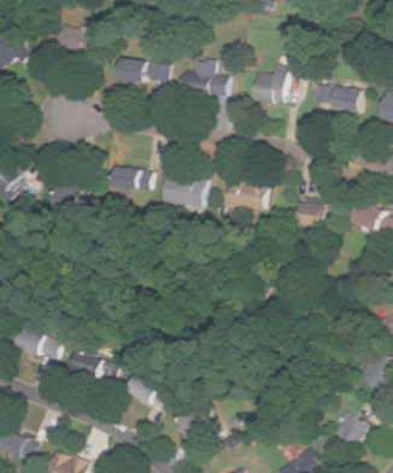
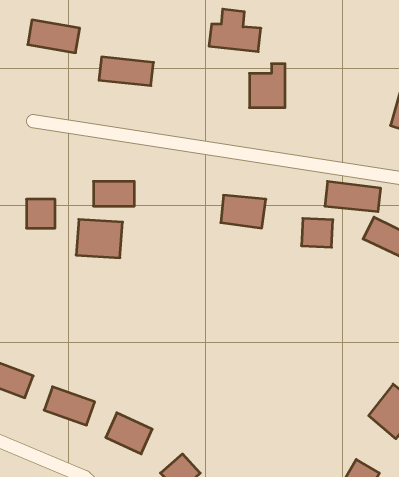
building: [181,58,227,95] -> [209,9,261,52]
building: [311,83,360,110] -> [325,181,381,212]
building: [163,171,204,205] -> [76,219,123,258]

